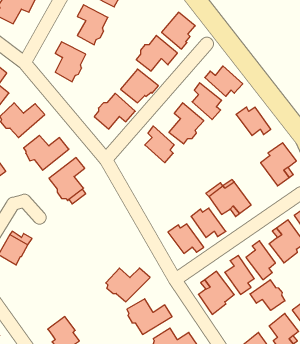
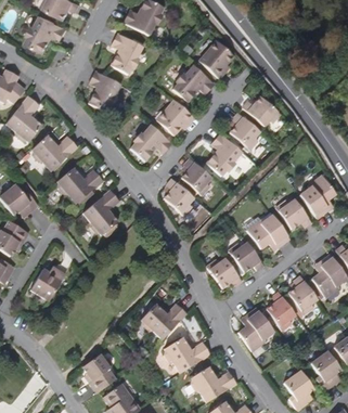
building: [236,107,271,136] -> [276,201,312,230]
building: none -> [164,179,194,217]
building: [250,280,285,310] -> none

